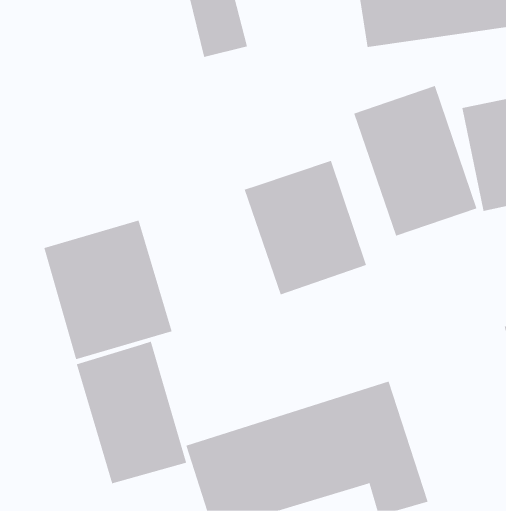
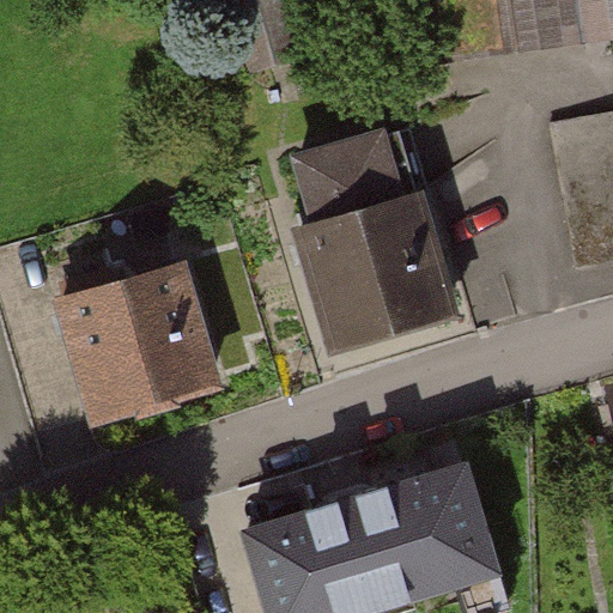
building: [353,85,477,236] -> none
building: none -> [295,129,405,220]
building: [76,341,187,484] -> none

